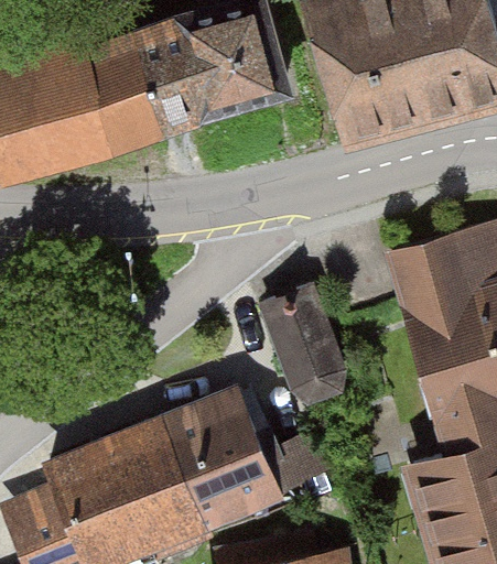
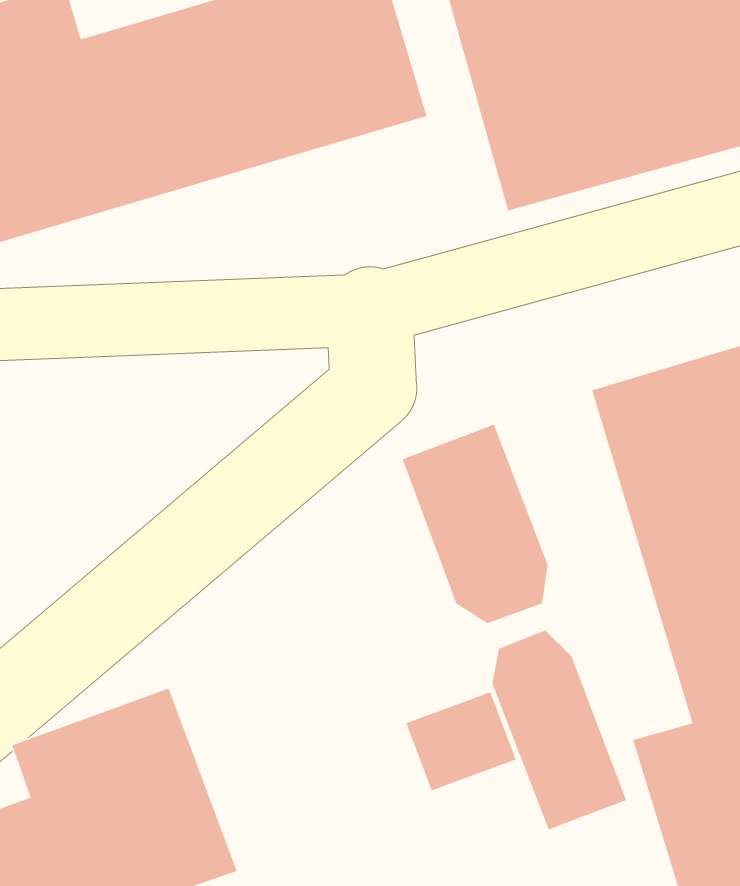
building: [133,393,278,541] -> none
building: none -> [491,630,627,830]

